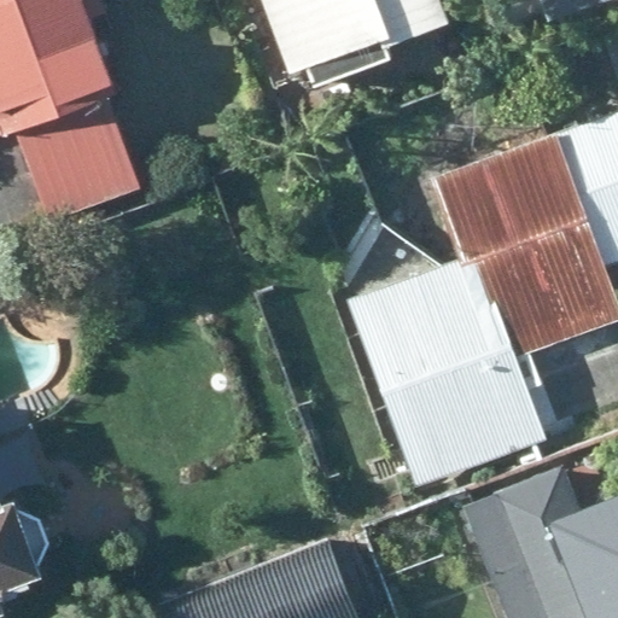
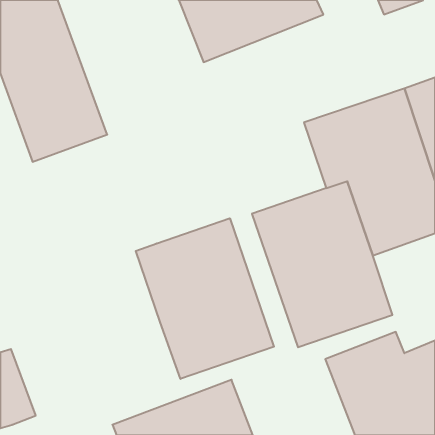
building: none -> [136,218,274,379]

